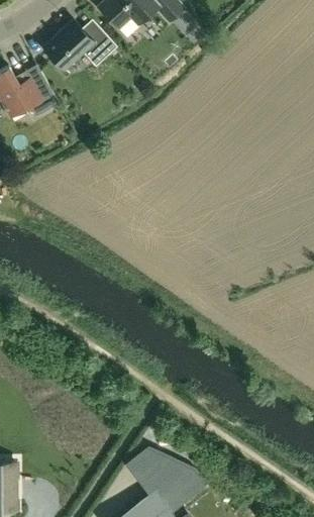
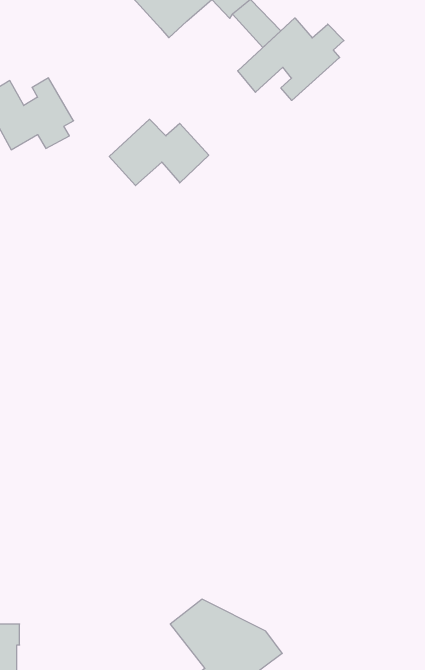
building: [44,20,117,69] -> [109,119,209,186]
building: none -> [238,18,344,100]

